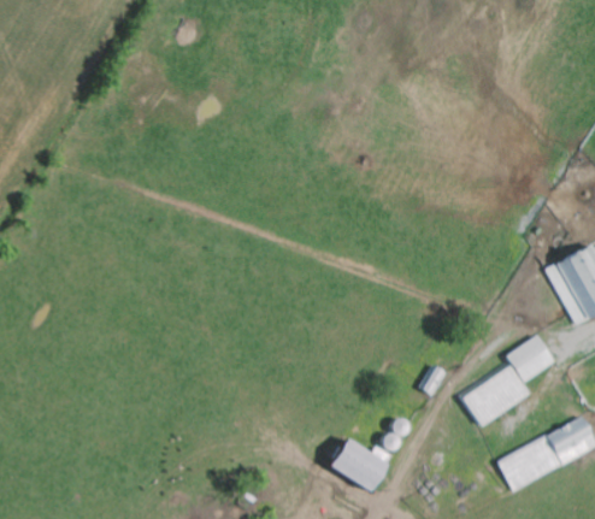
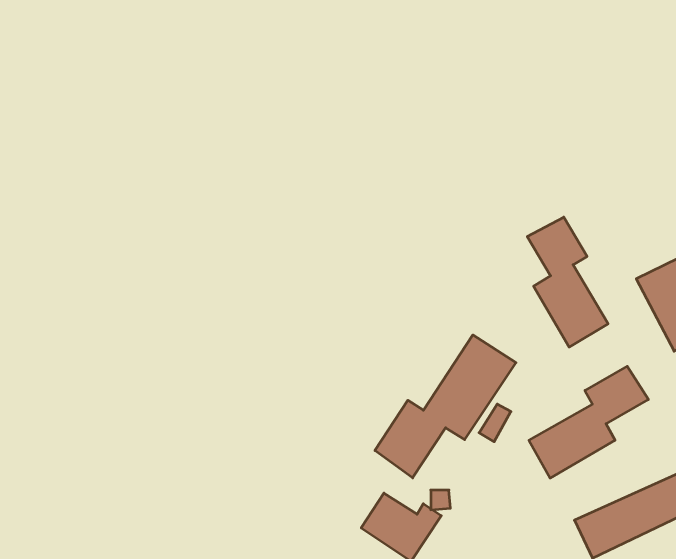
building: none -> [527,217,608,347]
building: none -> [375,335,516,478]

